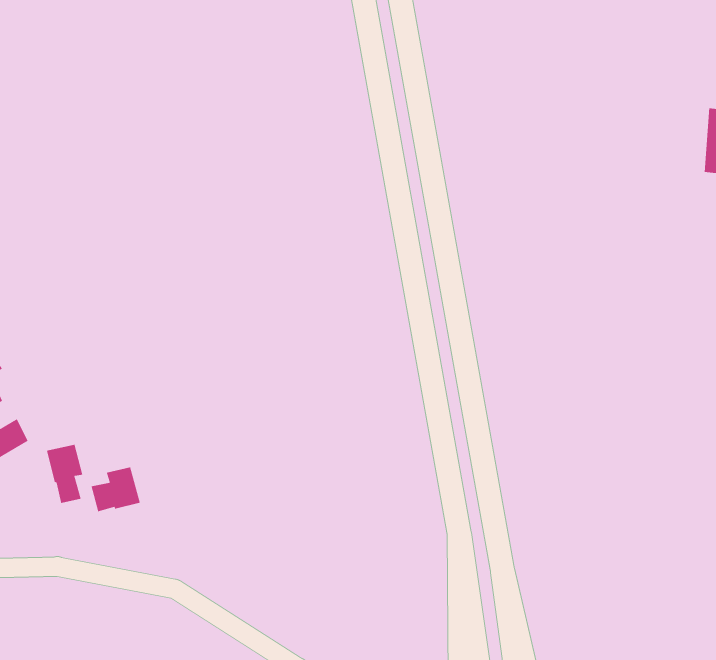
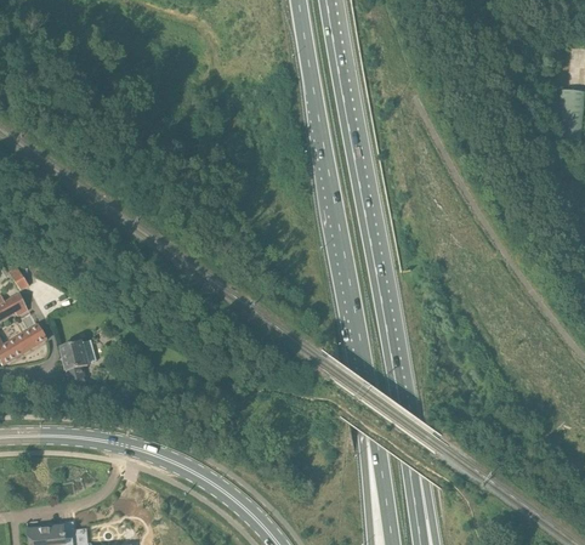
building: [91,467,140,512] -> none

